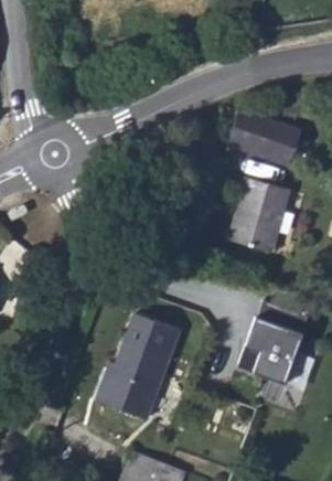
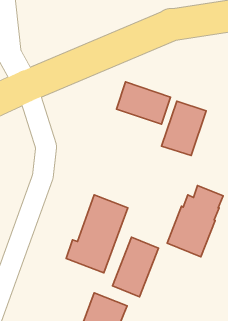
building: [231,108,304,167] -> [117,82,170,124]
building: none -> [112,237,158,297]

